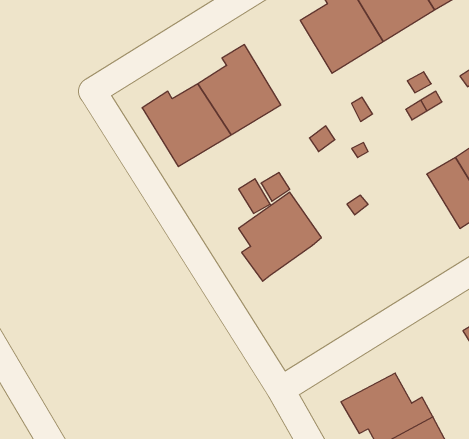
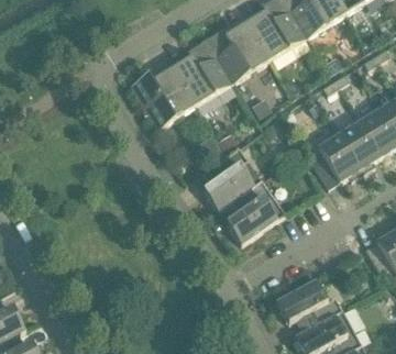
building: none -> [205,21,268,82]
building: none -> [310,133,362,188]
building: none -> [223,179,285,244]

